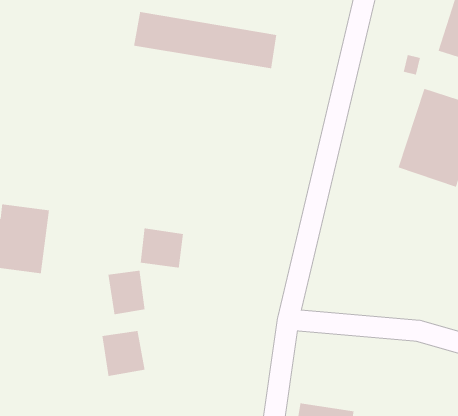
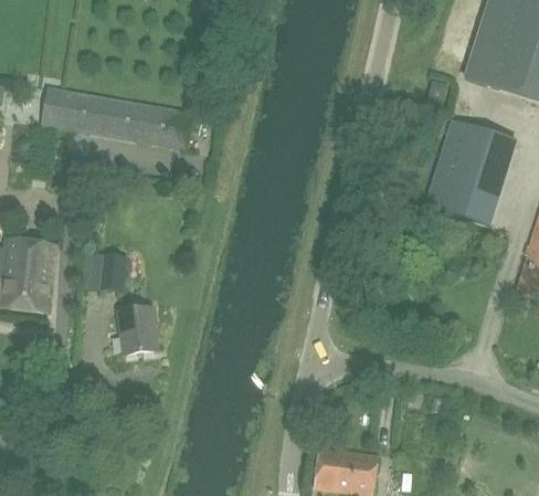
building: [133,11,277,69] -> [42,87,193,148]
building: [140,227,184,268] -> [82,250,128,293]
building: [101,330,145,377] -> none

